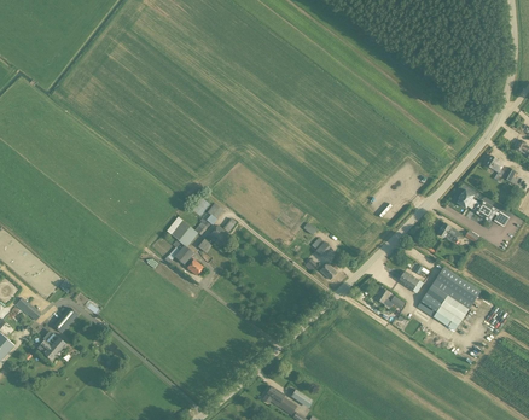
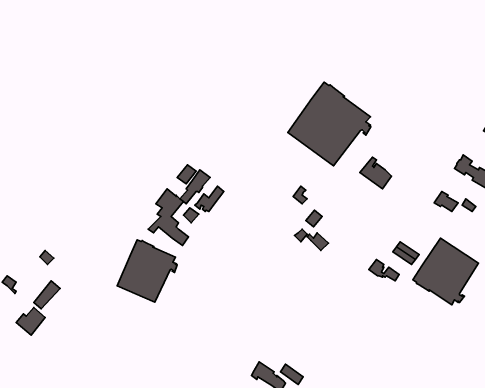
building: none -> [288,82,371,166]
building: none -> [117,240,177,302]

